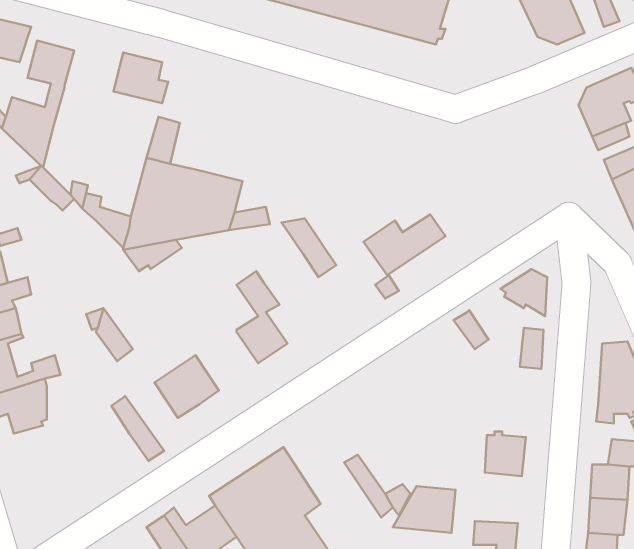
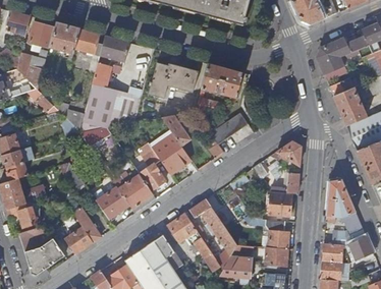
building: none -> [49,22,79,60]
building: none -> [100,36,130,61]
building: none -> [149,62,198,98]
building: none -> [196,63,242,110]
building: none -> [153,133,189,174]
building: none -> [113,171,153,209]
building: none -> [266,192,291,216]
building: none -> [191,198,237,255]
building: none -> [167,213,196,242]
building: none -> [65,227,93,253]
building: none -> [19,229,64,274]
building: none -> [264,247,287,268]

